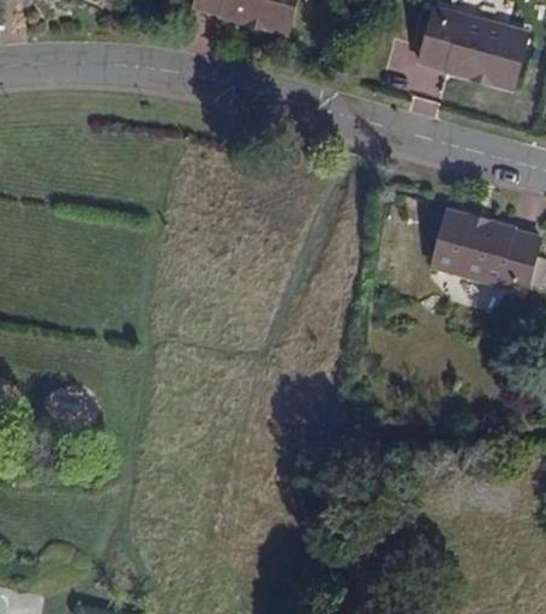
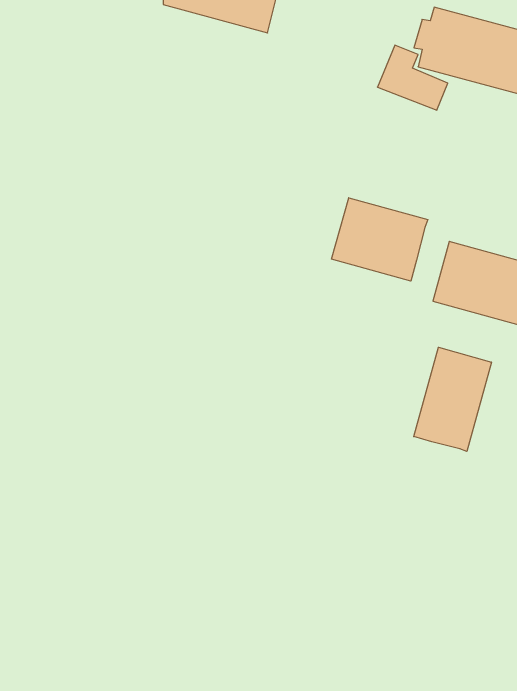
building: none -> [332,198,428,281]
building: none -> [414,347,491,451]

